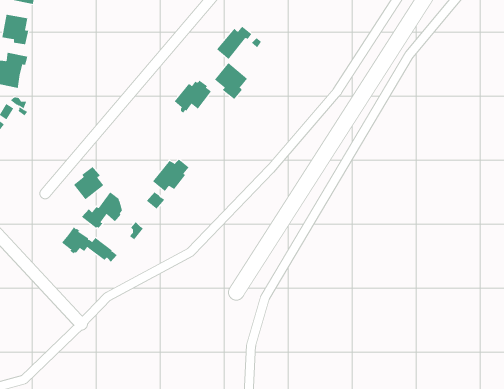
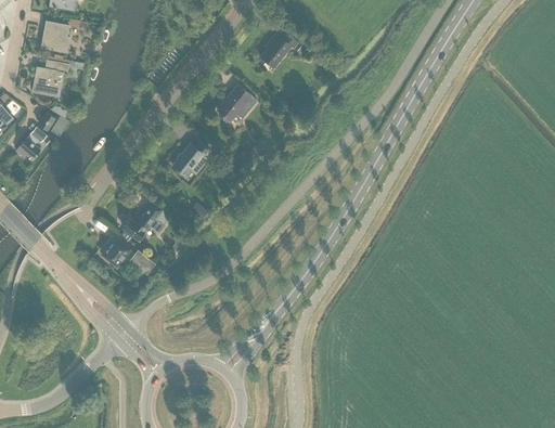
building: [214,62,248,100] -> none
building: [152,159,189,192] -> [172,142,210,176]
building: [73,166,104,200] -> none

